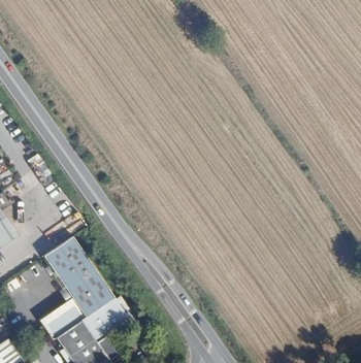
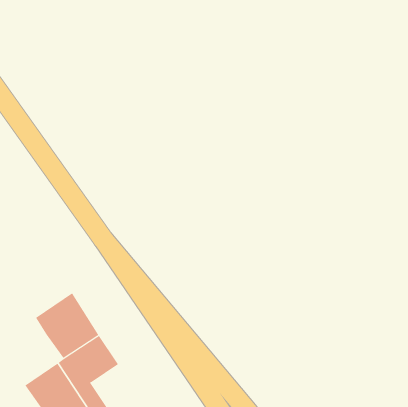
building: [42,235,92,285] -> none
building: [40,298,85,339] -> none

